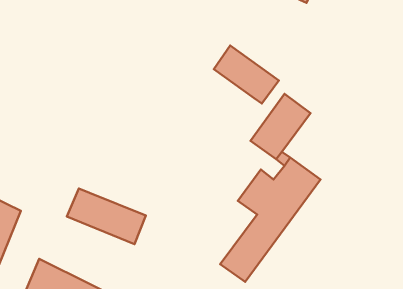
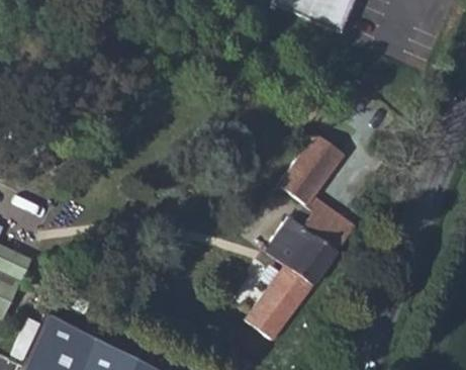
building: [214,45,279,104] -> none
building: [67,188,146,244] -> none

